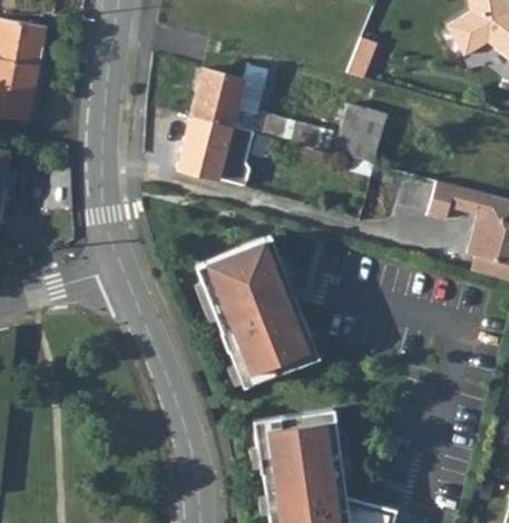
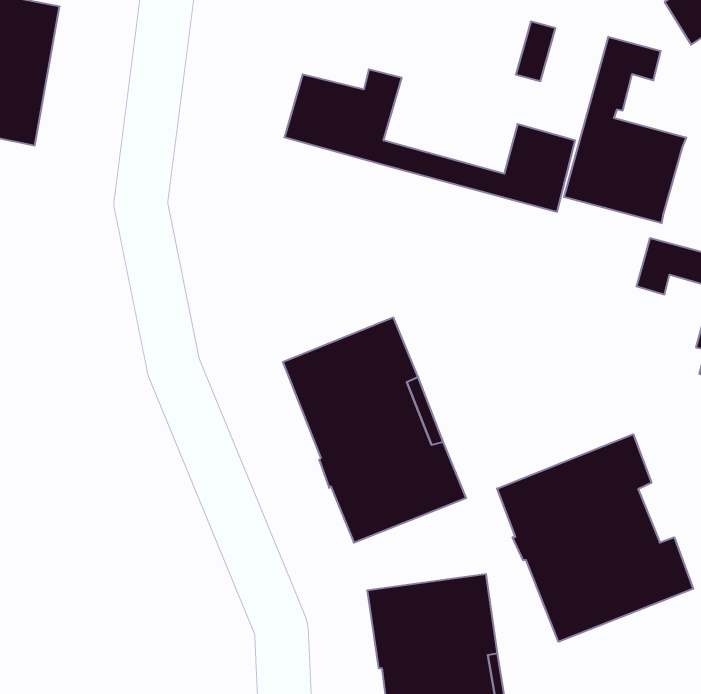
building: none -> [564,37,686,223]
building: [180,115,273,193] -> none
building: none -> [497,434,693,642]

